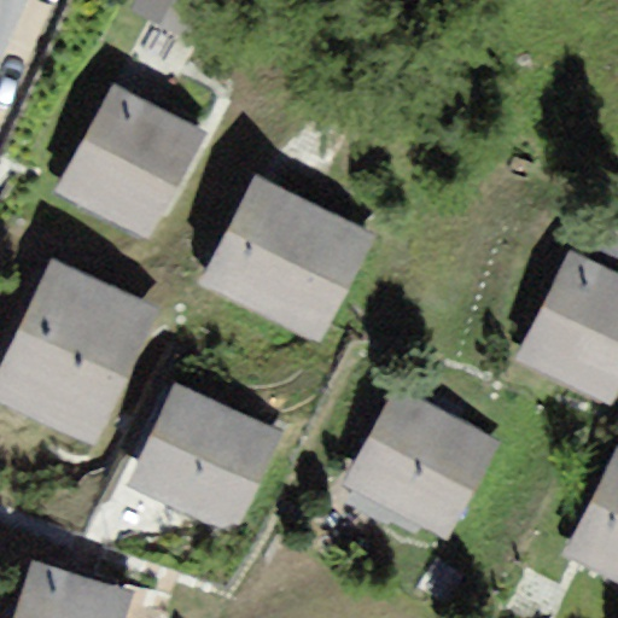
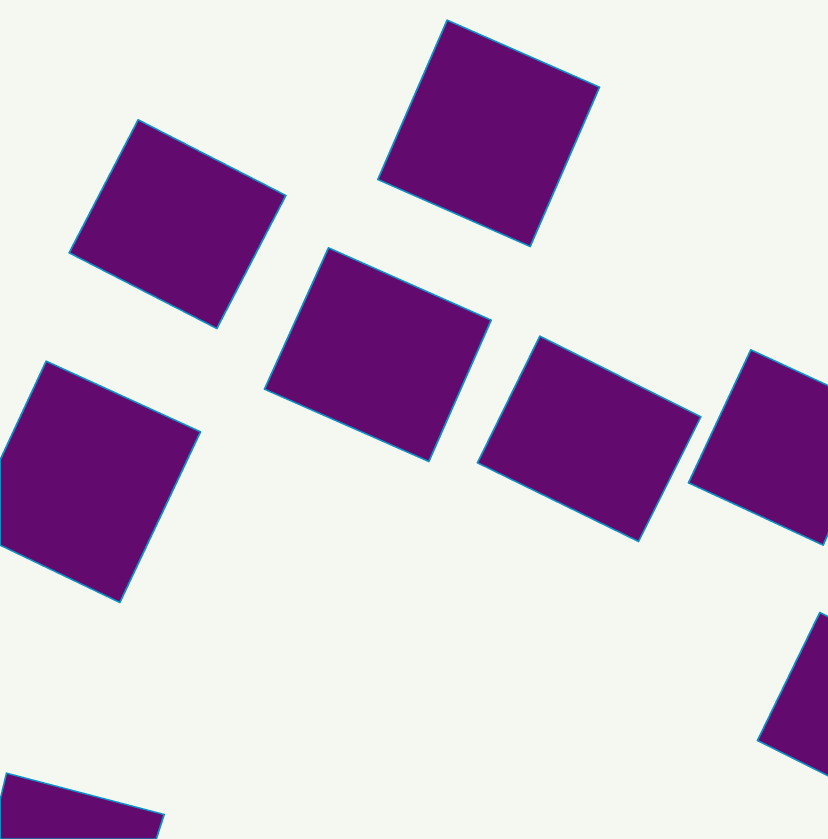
building: none -> [378,20,600,247]
building: [340,385,505,536] -> [478,336,701,542]
building: [122,390,281,535] -> none

